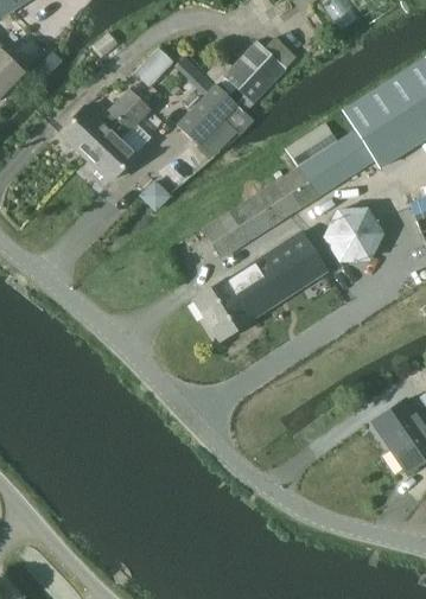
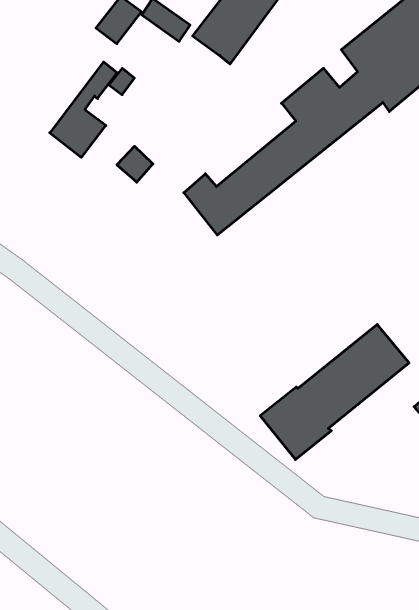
building: [178,88,239,148] -> none
building: [62,93,139,158] -> none
building: [326,203,379,255] -> none
building: [195,234,326,342] -> [260,324,409,460]

